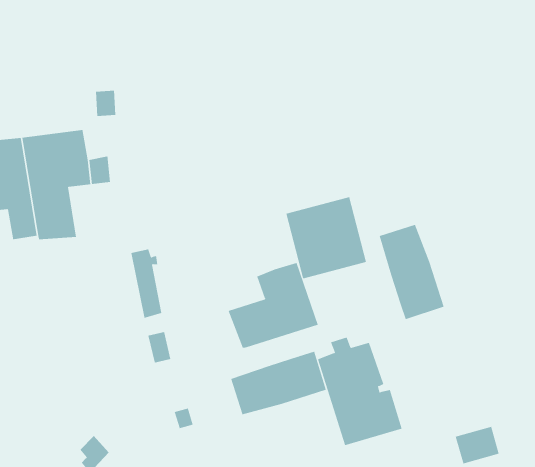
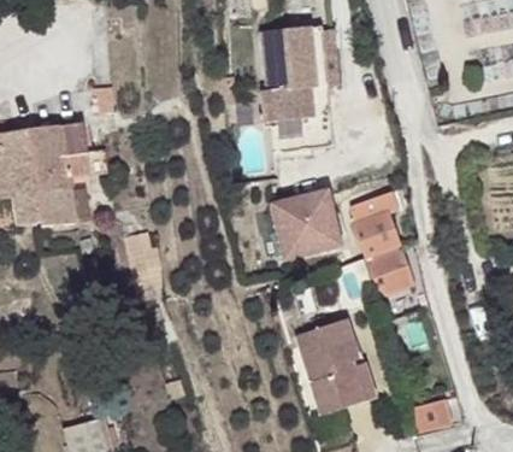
building: none -> [260,24,332,151]
building: [228,262,318,348] -> none
building: [230,351,327,415] -> none

